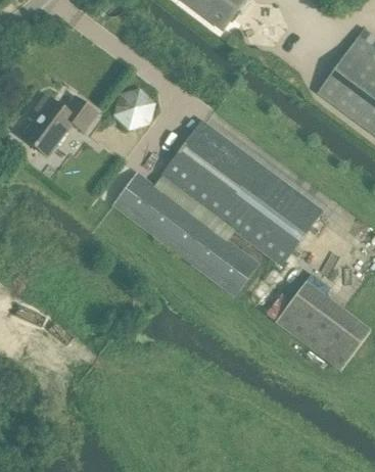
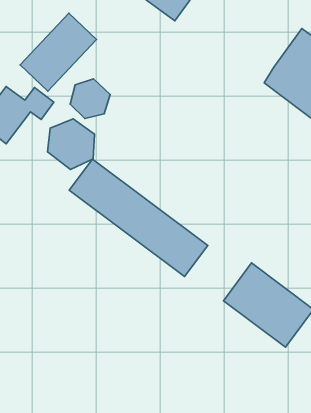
building: none -> [20,13,96,91]
building: [160,121,321,265] -> none
building: none -> [48,119,95,169]

